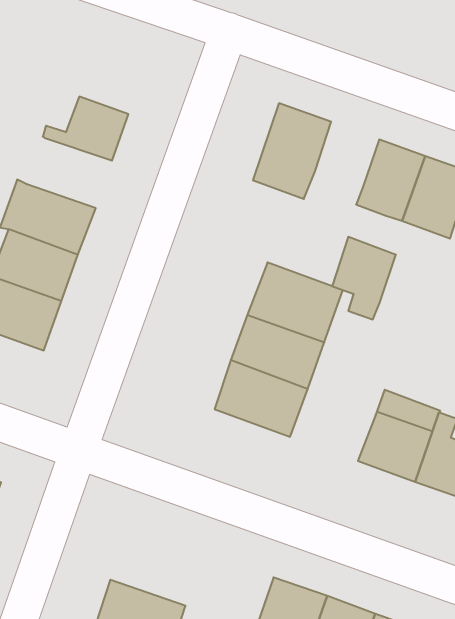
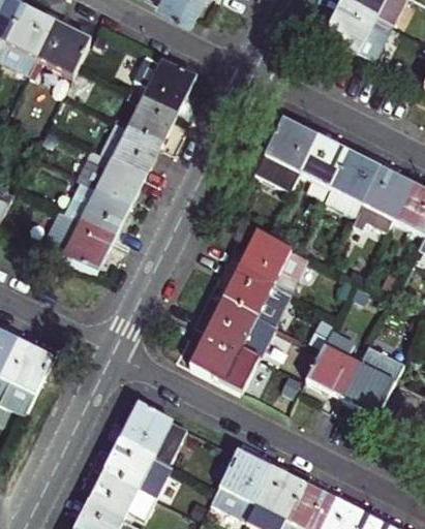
building: none -> [134,55,192,114]
building: none -> [97,123,159,177]
building: [332,237,396,319] -> [301,136,348,196]
building: none -> [191,328,261,388]
building: none -> [122,403,180,463]

